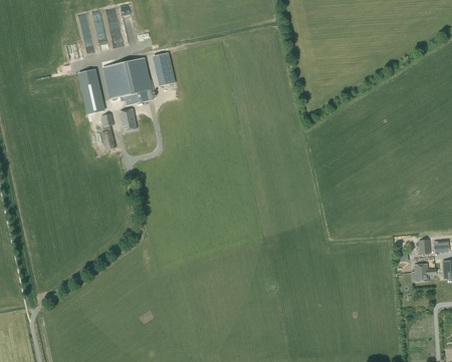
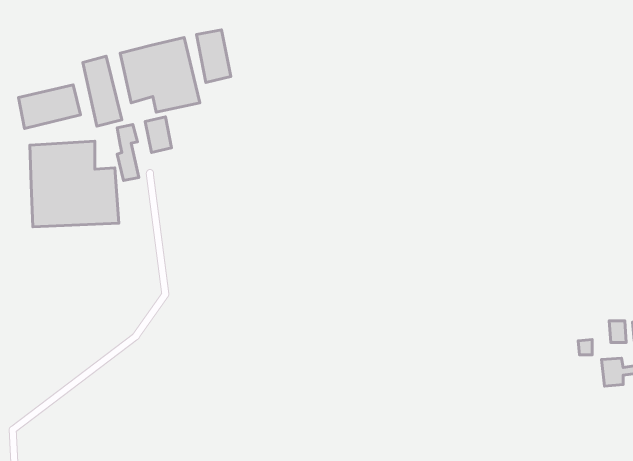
building: none -> [19,85,81,128]
building: none -> [30,141,119,227]

